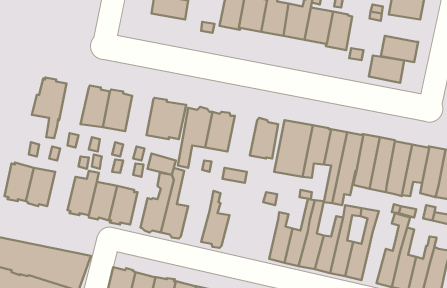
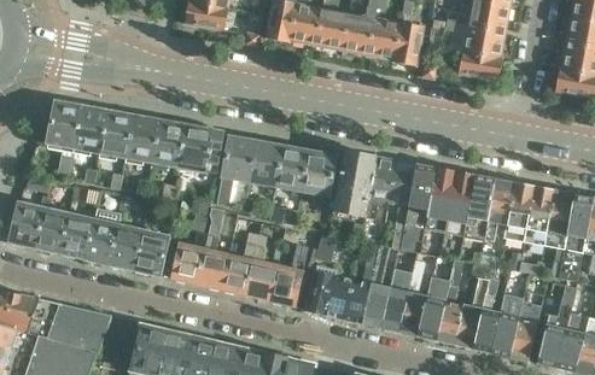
building: [369,55,404,83] -> [463,24,506,57]
building: none -> [76,104,111,154]
building: none -> [154,118,188,168]
building: none -> [276,142,311,192]
building: none -> [62,211,95,257]
building: none -> [221,233,259,294]
building: none -> [269,246,308,305]
building: none -> [436,258,465,344]
building: none -> [305,263,337,315]

